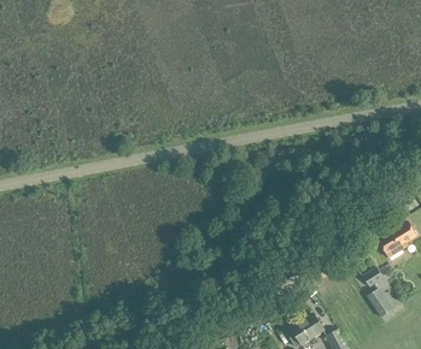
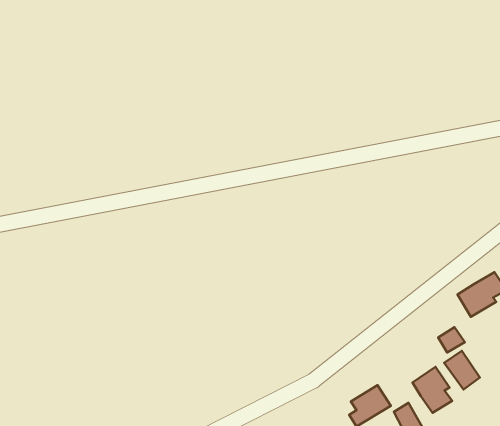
building: none -> [412,367,452,413]

